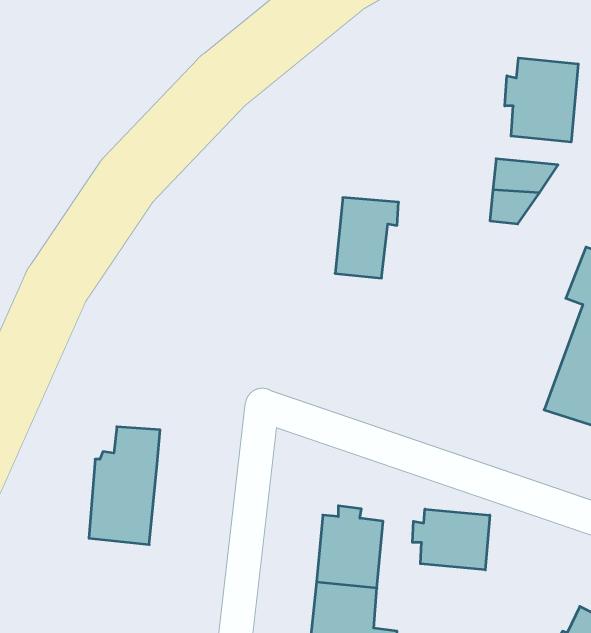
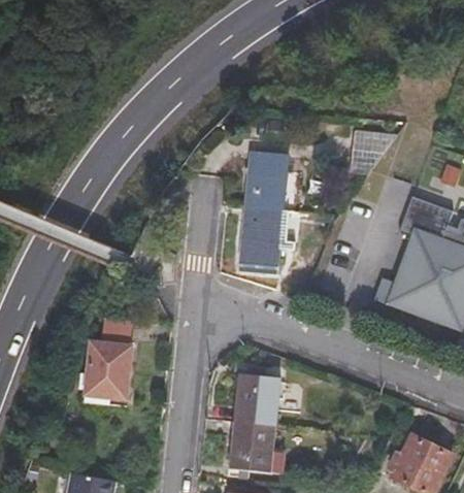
building: [505,58,578,142] -> none
building: none -> [241,215,281,282]
building: [412,509,490,570] -> none

